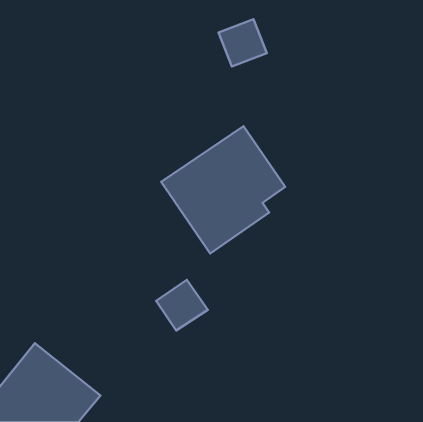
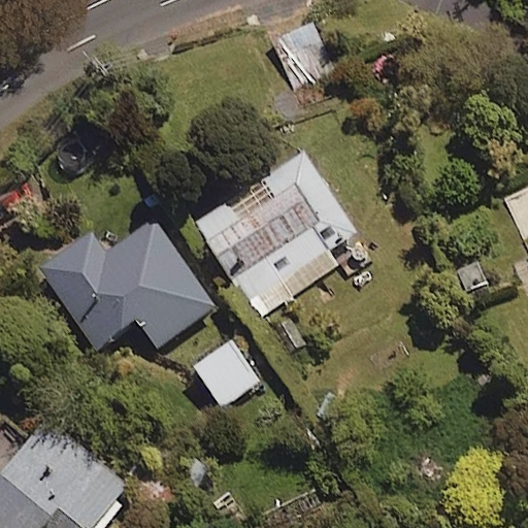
building: none -> [38,221,217,351]

